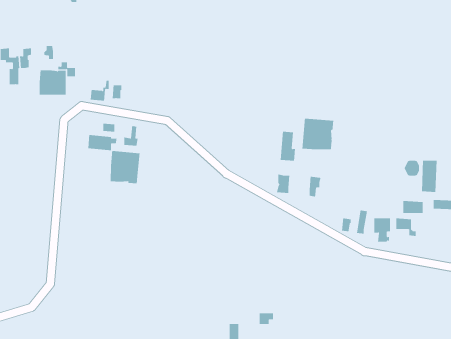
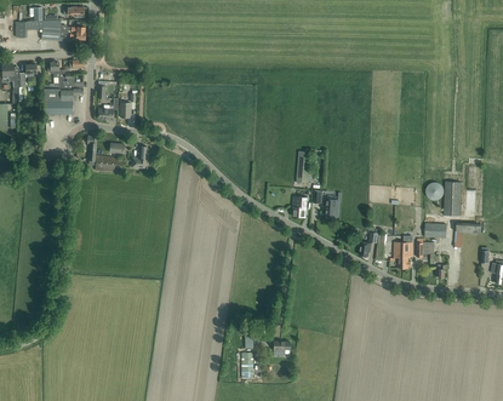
building: none -> [16,19,86,40]
building: [302,118,334,150] -> none
building: [110,150,140,184] -> none

